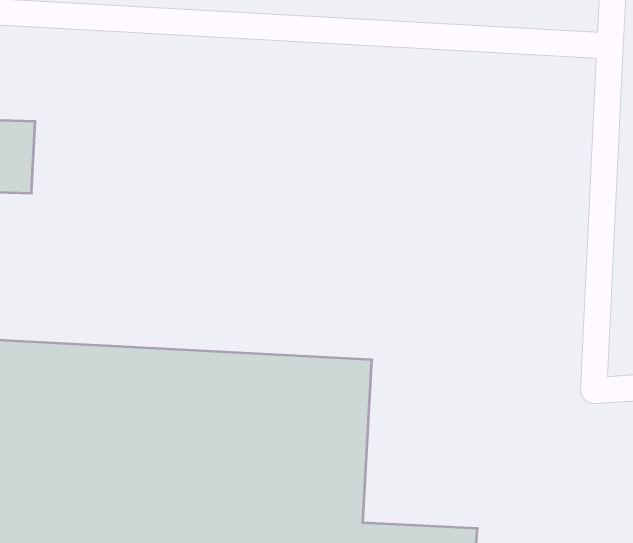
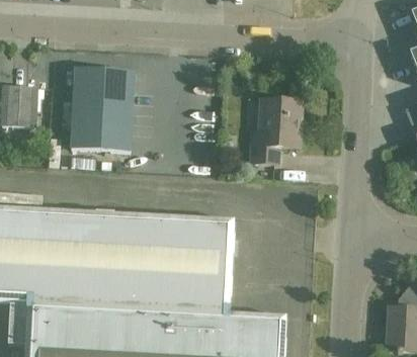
building: none -> [71,67,135,151]
building: none -> [250,97,303,163]

